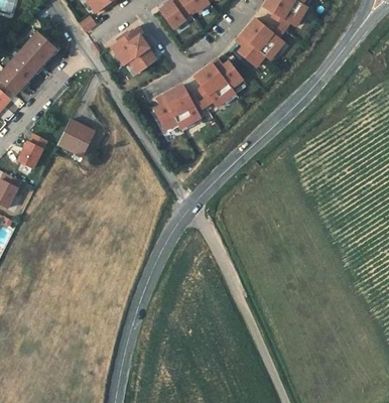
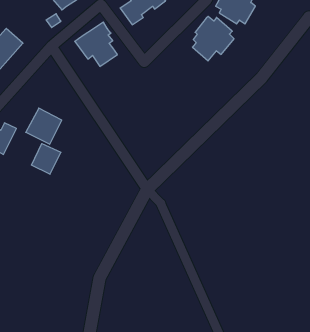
building: [193,60,242,106] -> none
building: [153,84,200,129] -> none
building: none -> [31,144,61,174]

